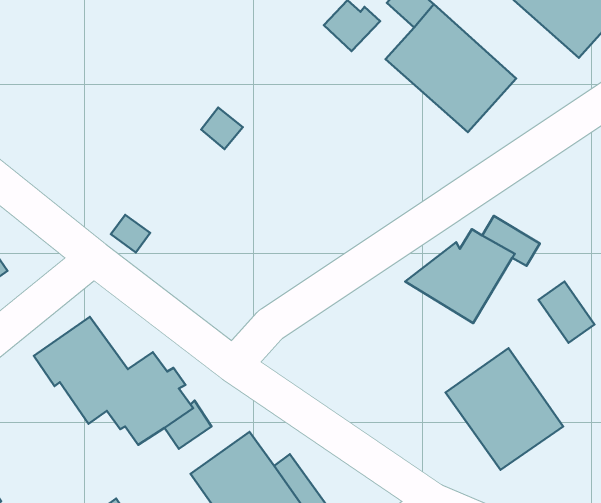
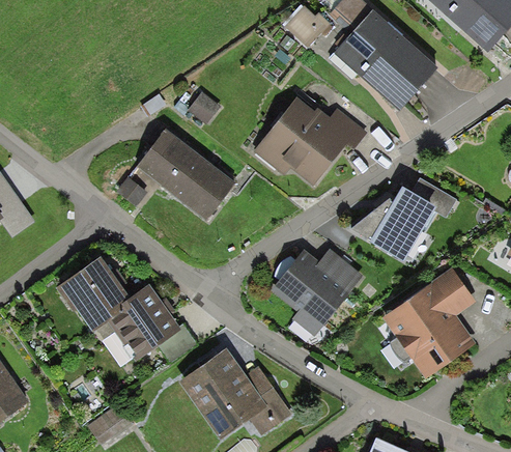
building: none -> [253,96,367,186]
building: none -> [136,129,235,220]
building: [538,281,595,343] -> [431,266,476,315]
building: none -> [271,248,363,335]

